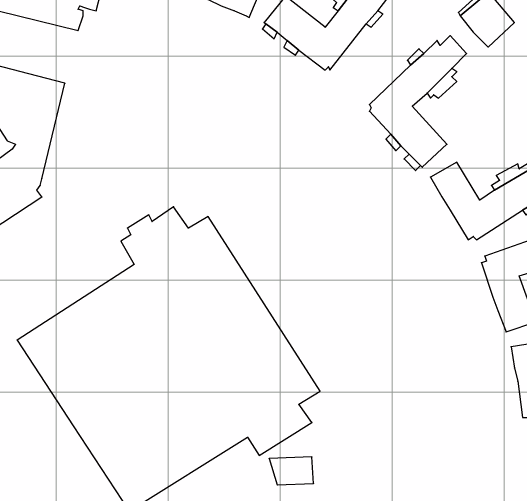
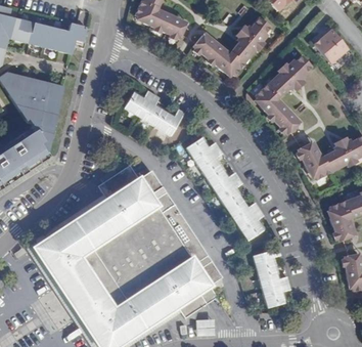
building: none -> [124,89,184,135]
building: none -> [186,136,264,240]
building: none -> [253,247,290,307]

